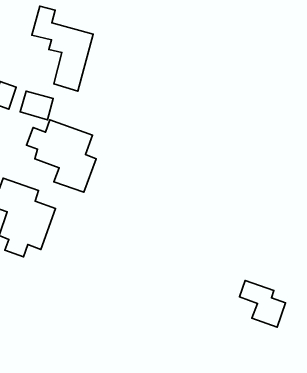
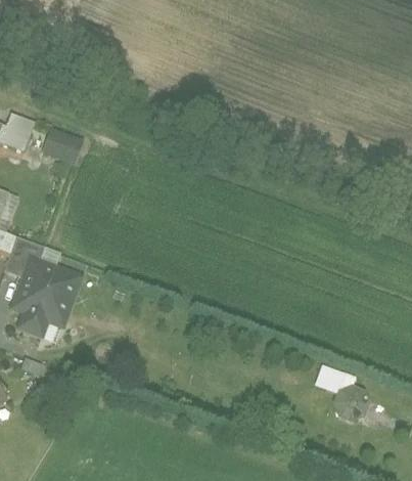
building: [32,6,93,91] -> none
building: [26,120,96,192] -> none

